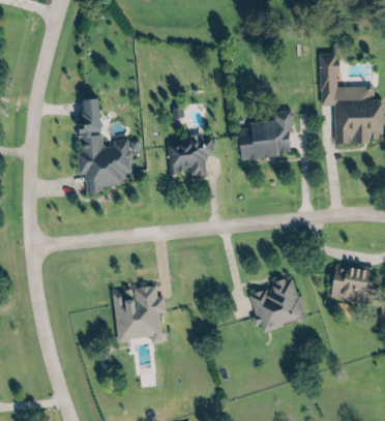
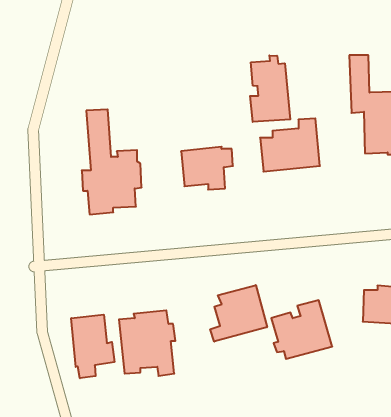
building: none -> [250,55,290,122]
building: none -> [210,285,267,342]
building: none -> [71,315,114,378]

